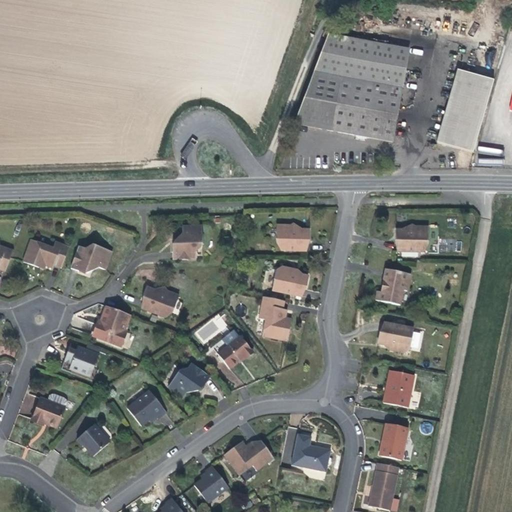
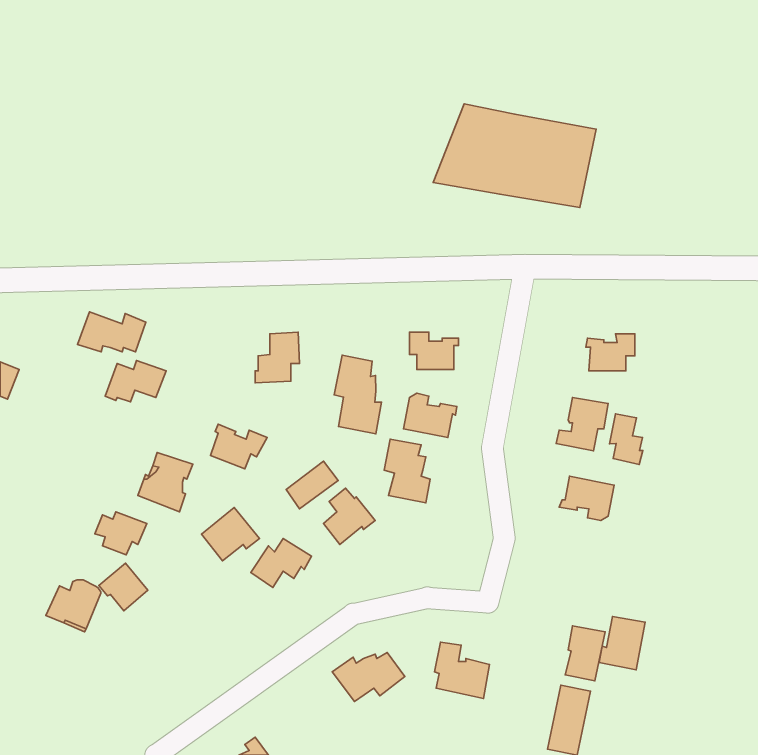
building: [313,33,409,87] -> none
building: [438,70,491,152] -> none
building: [23,239,69,266] -> [78,312,146,352]
building: none -> [334,355,382,434]
building: none -> [609,414,643,465]
building: [383,370,414,406] -> [599,616,645,670]
building: [127,389,166,425] -> [202,507,259,561]
building: [76,423,109,455] -> [99,563,148,611]
building: [194,464,228,502] -> none

